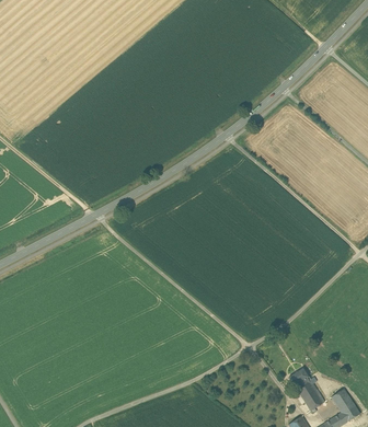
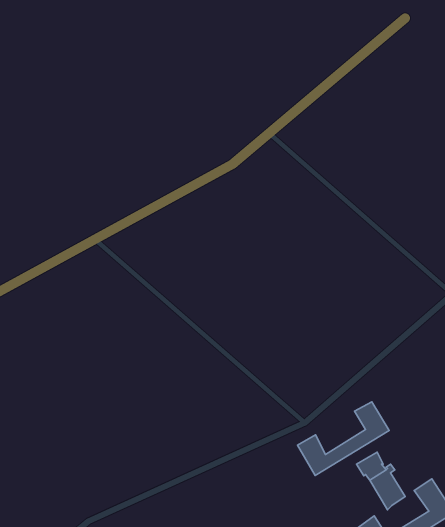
building: none -> [298,402,389,476]

